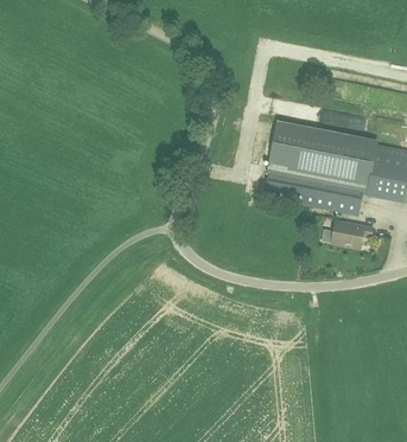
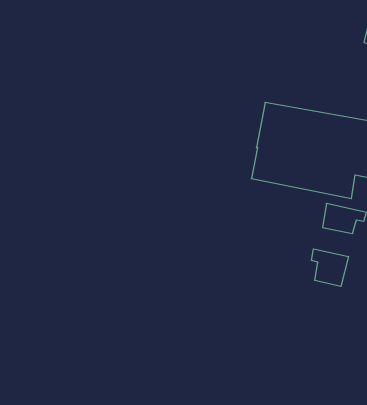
building: none -> [312,249,349,286]

